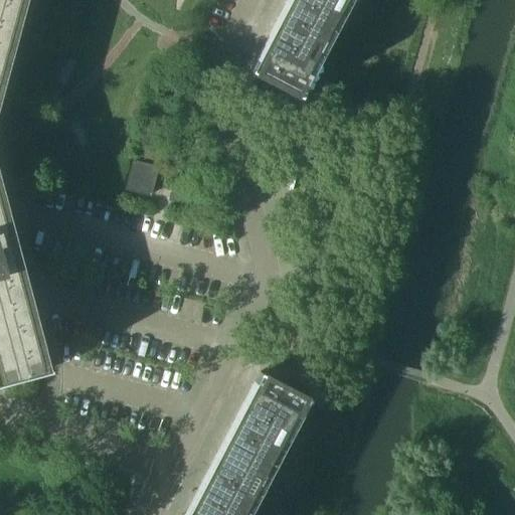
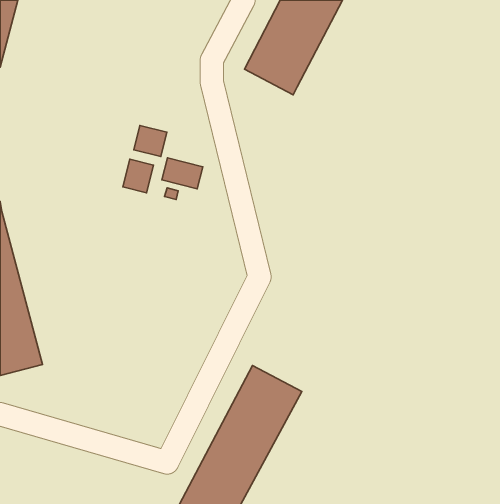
building: none -> [134,125,167,156]
building: none -> [162,158,203,189]

